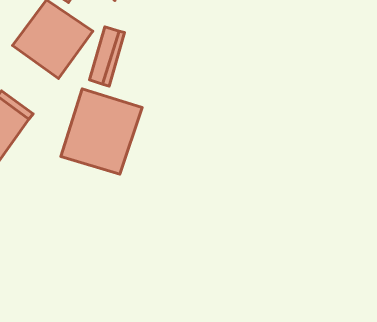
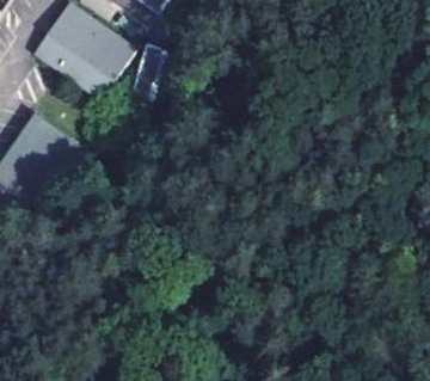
building: [61,89,142,174] -> none

